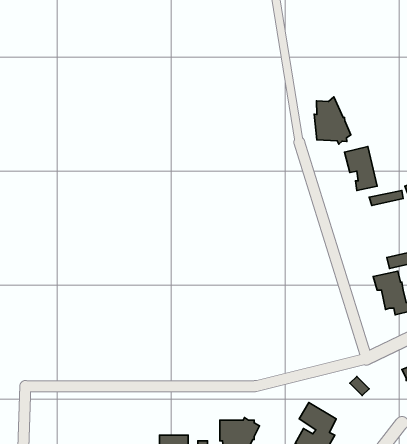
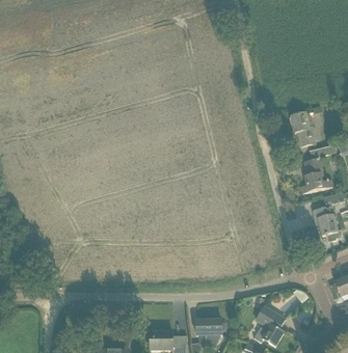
building: [314,97,351,144] -> none
building: none -> [301,158,333,193]

